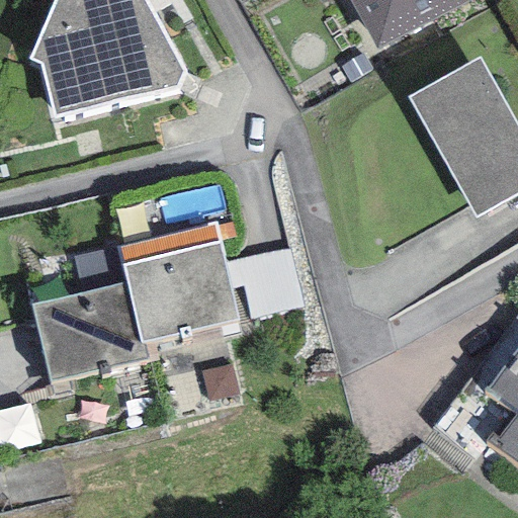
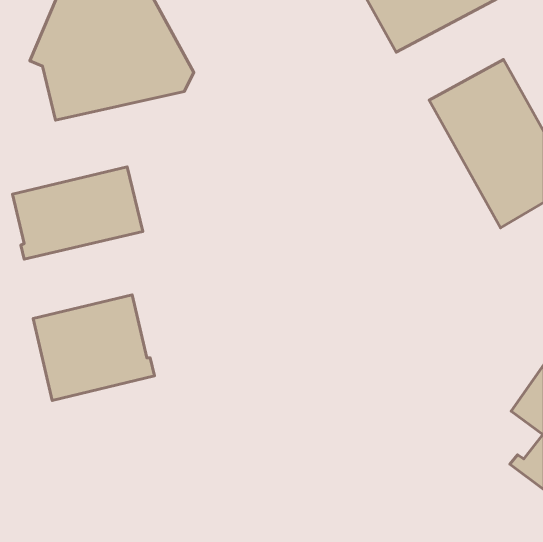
building: none -> [12,167,143,259]
building: [118,222,239,340] -> none

